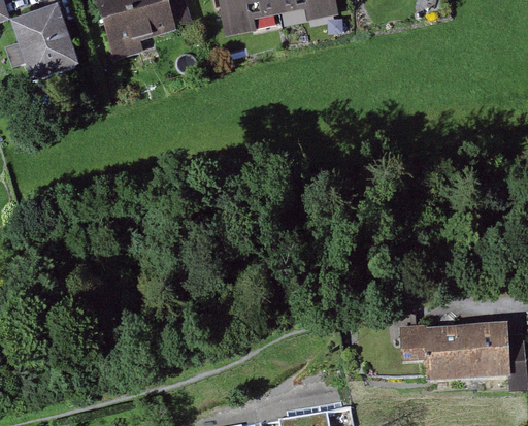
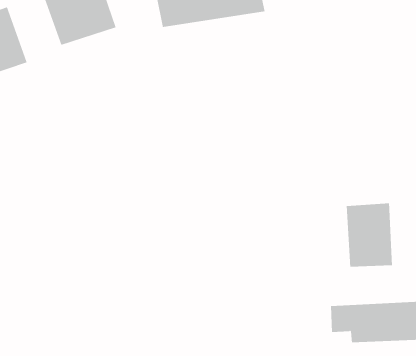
building: none -> [346,203,393,267]

